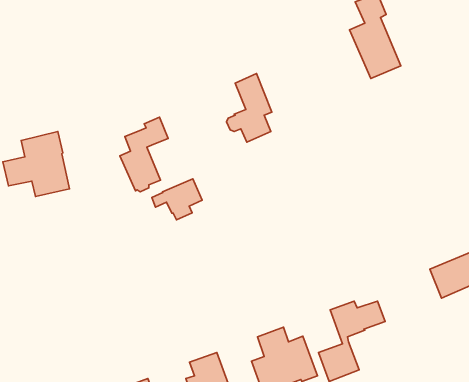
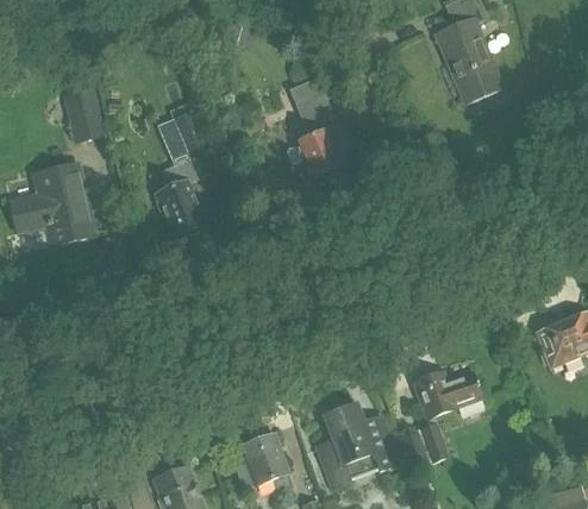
building: none -> [62,89,104,143]
building: none -> [170,111,202,153]
building: [152,179,202,220] -> none

